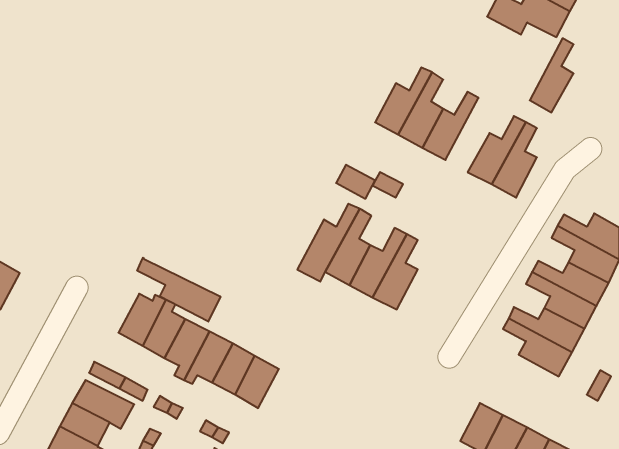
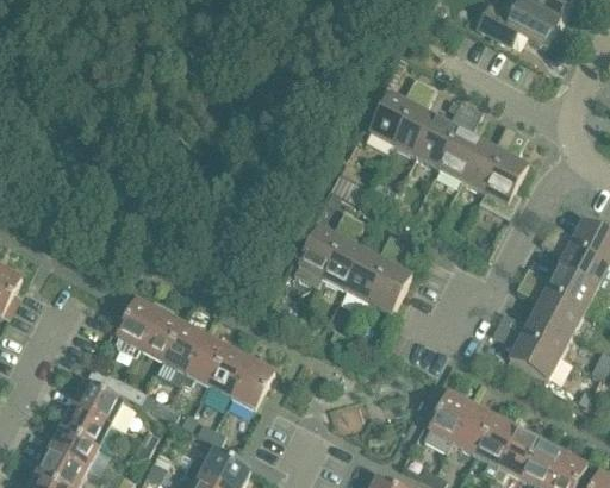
building: [530,38,574,112] -> [437,106,480,179]
building: [137,258,220,322] -> none
building: none -> [428,392,471,442]

